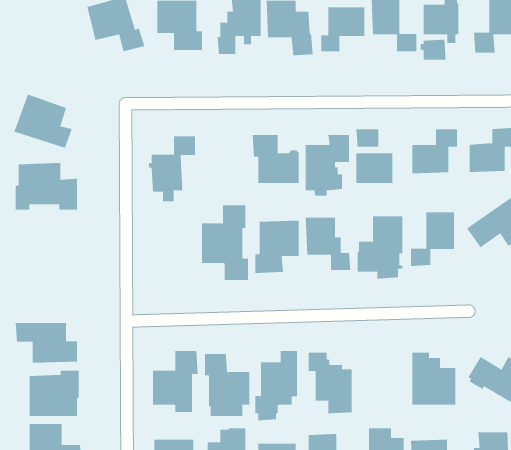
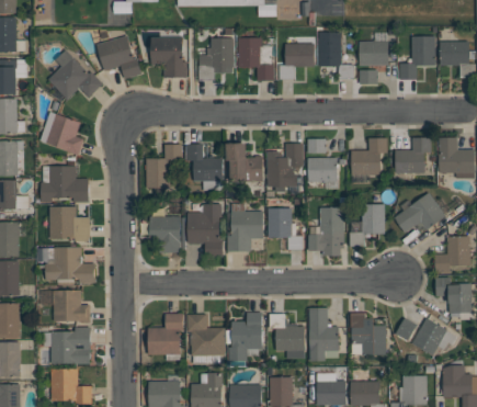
building: none -> [48,48,103,98]
building: none -> [188,144,224,190]
building: none -> [49,205,90,240]
building: none -> [150,216,181,252]
building: none -> [36,246,95,283]
building: none -> [309,306,339,361]

